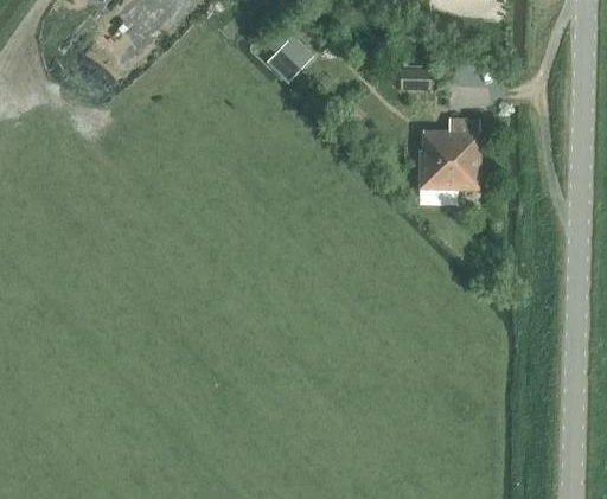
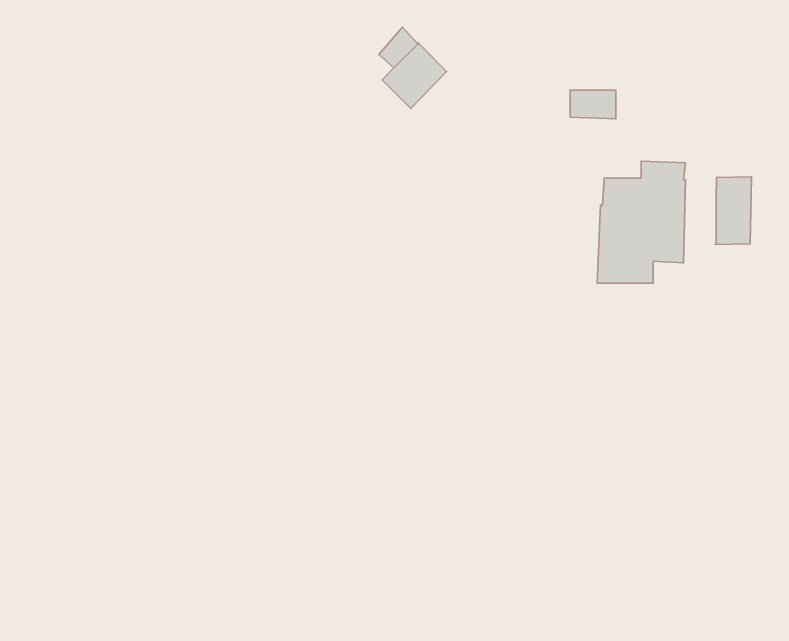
building: none -> [715,177,752,244]

